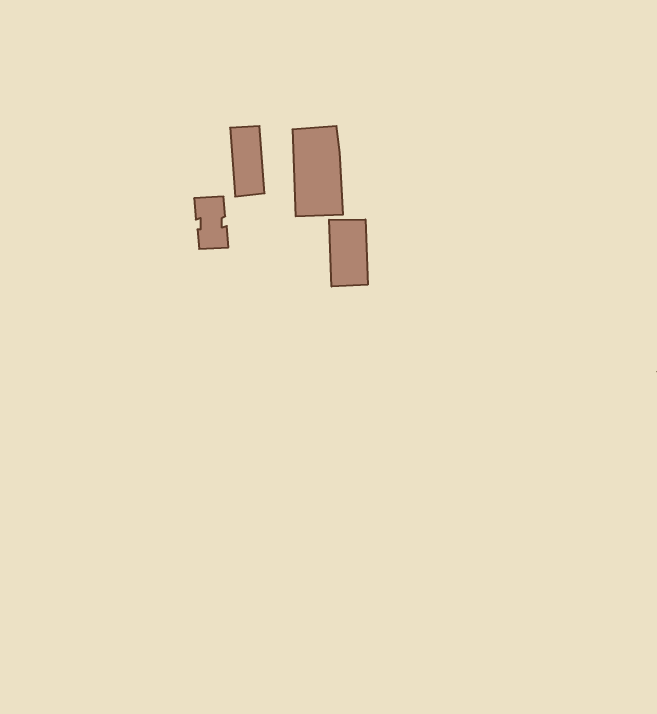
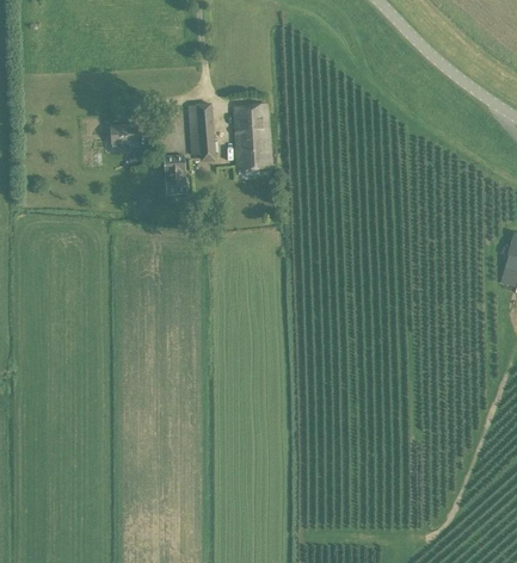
building: none -> [110,124,139,147]
building: [329,219,368,287] -> none

